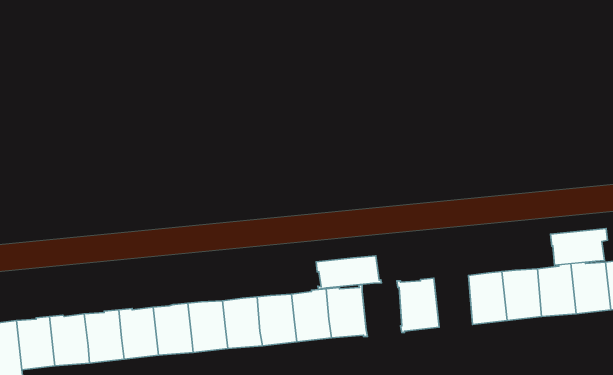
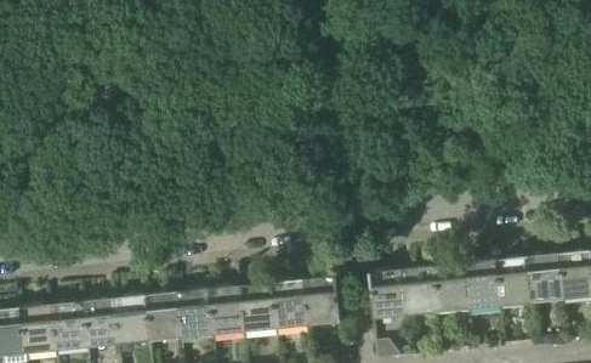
building: [550,228,607,265] -> none
building: [316,256,382,289] -> none
building: none -> [402,265,437,312]

